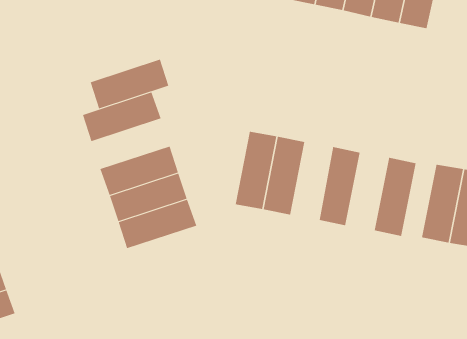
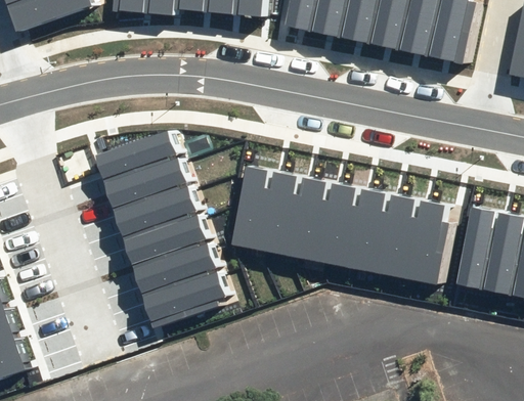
building: [90,59,169,109] -> [105,159,189,212]
building: none -> [228,166,273,250]
building: none -> [317,183,361,266]
building: none -> [376,194,421,277]
building: none -> [143,272,227,325]

